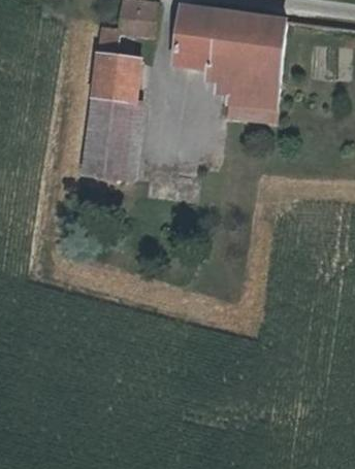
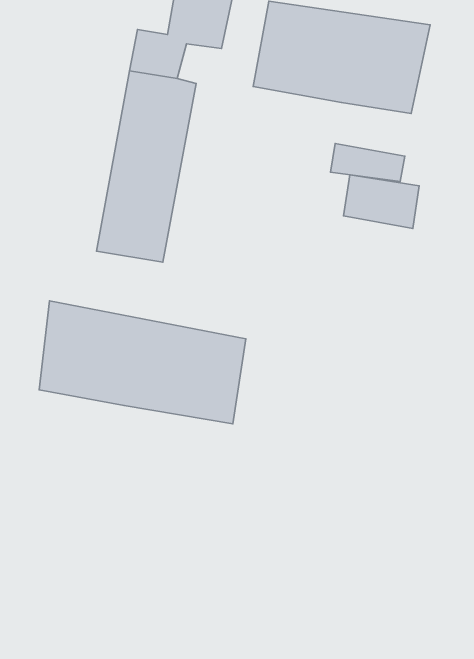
building: [231,72,281,107] -> [343,175,419,229]
building: none -> [39,301,246,424]

